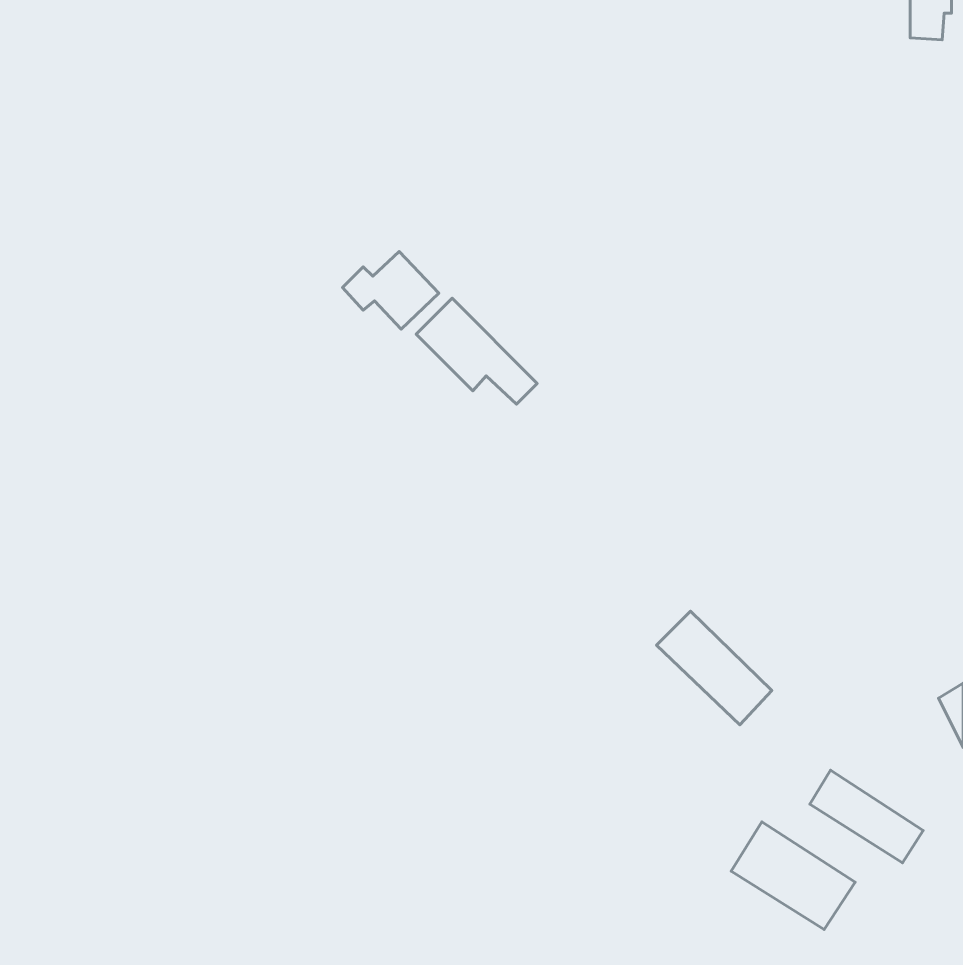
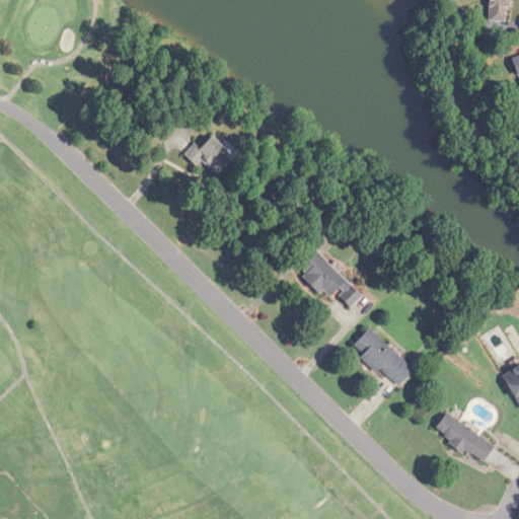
building: [416,298,537,404] -> [297,249,362,306]
building: [731,822,855,930] -> none

